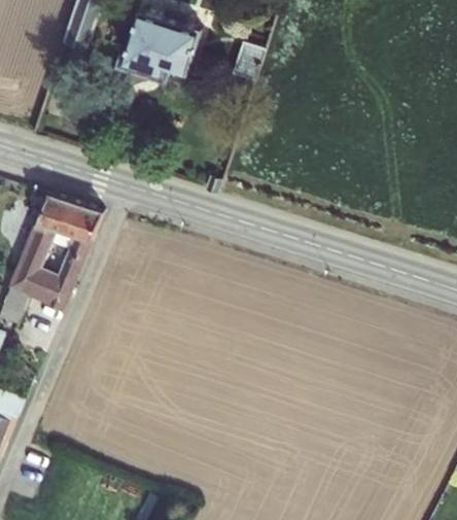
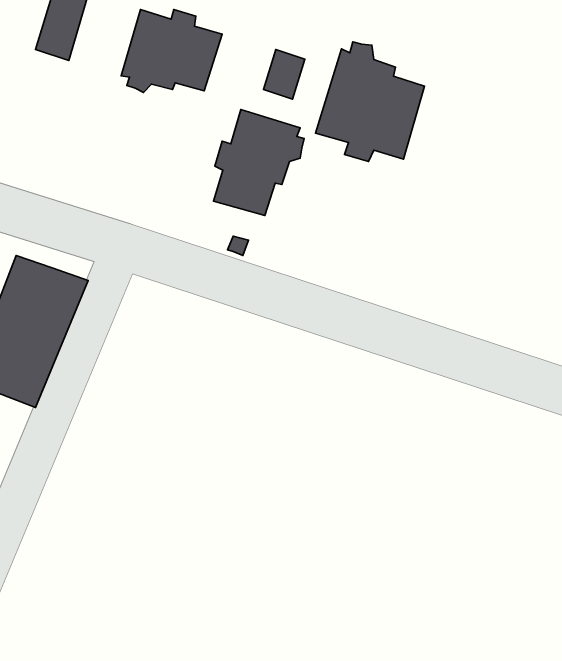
building: none -> [315,42,425,162]
building: none -> [213,109,304,216]

